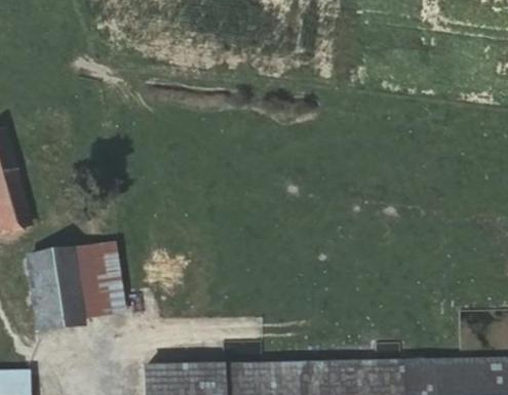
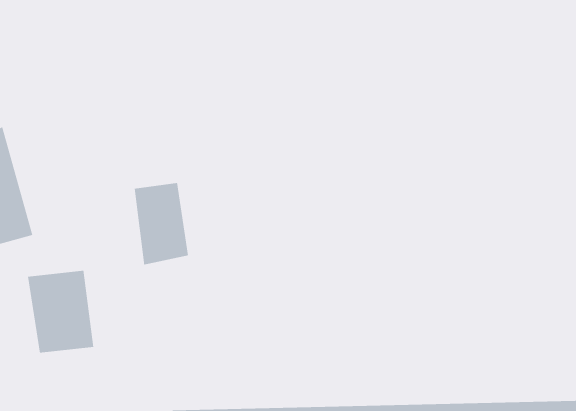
building: [73,247,119,317] -> [134,182,189,265]

